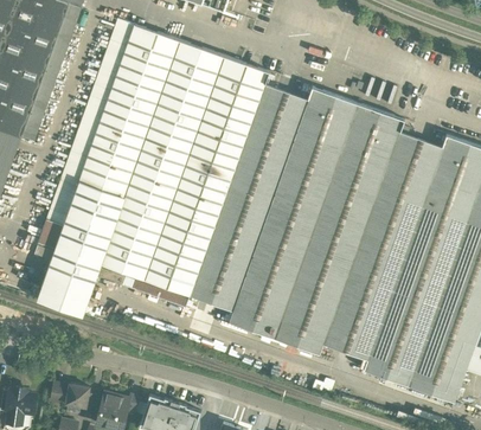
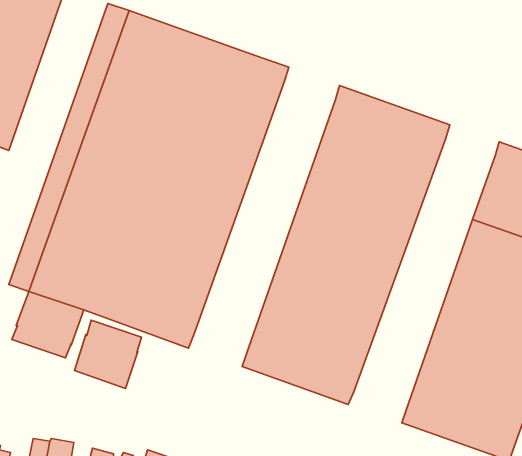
building: [190,84,308,313] -> none
building: [323,133,442,360] -> none
building: none -> [74,320,141,389]

